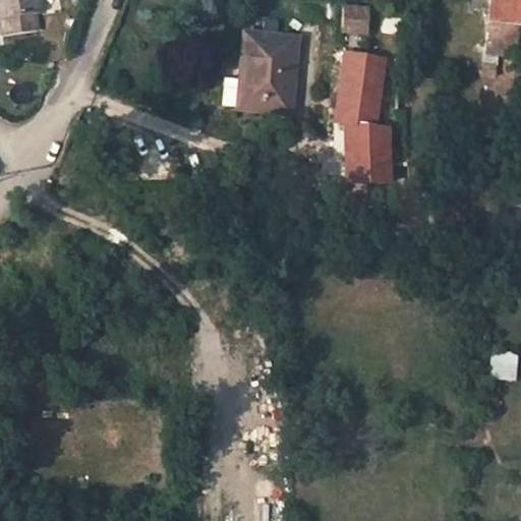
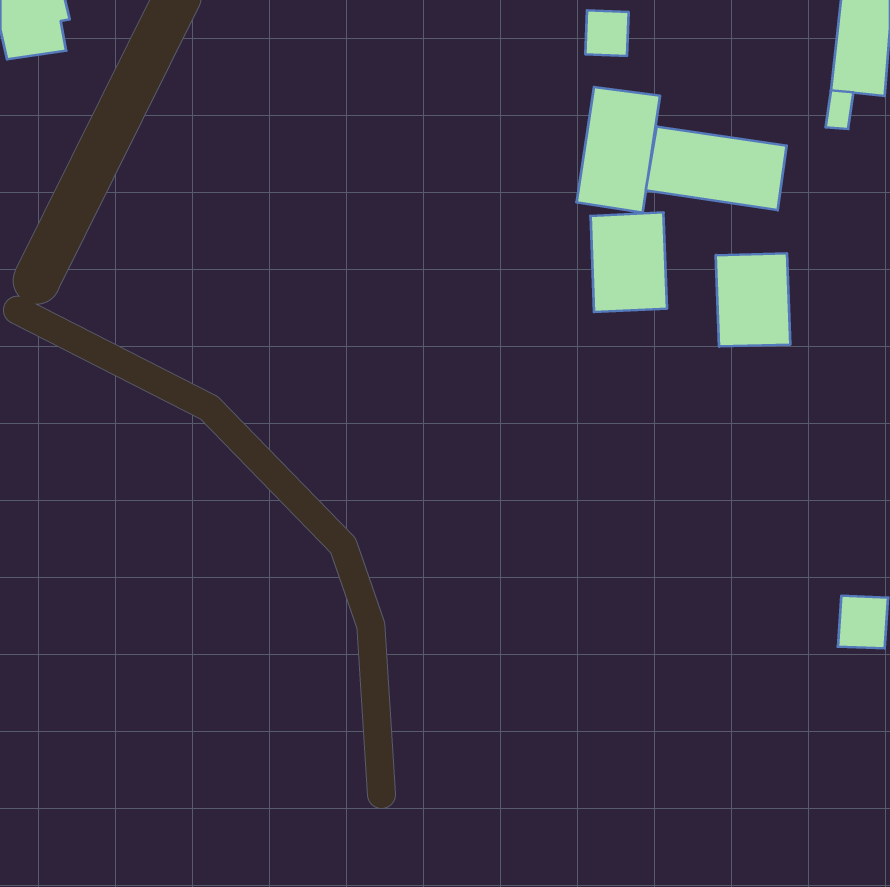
building: [237,34,297,114] -> none
building: none -> [646,126,787,210]
building: none -> [716,253,790,347]

